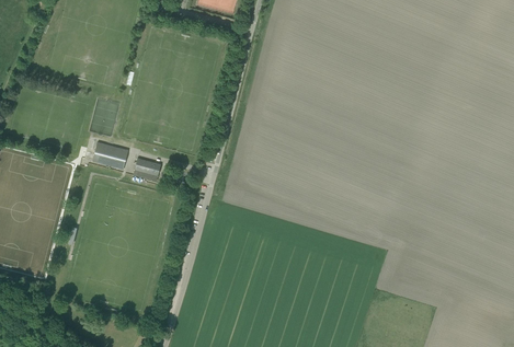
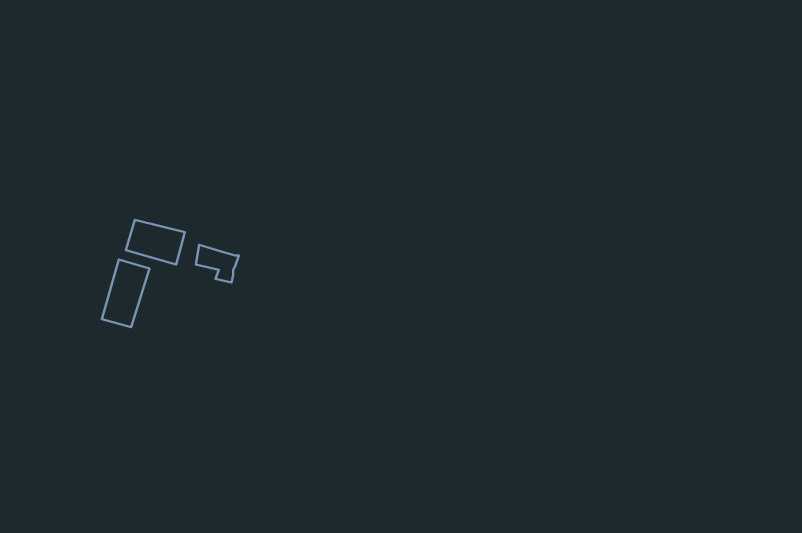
building: none -> [102,260,150,327]

